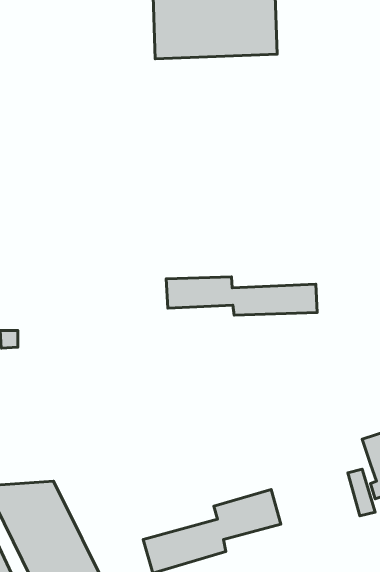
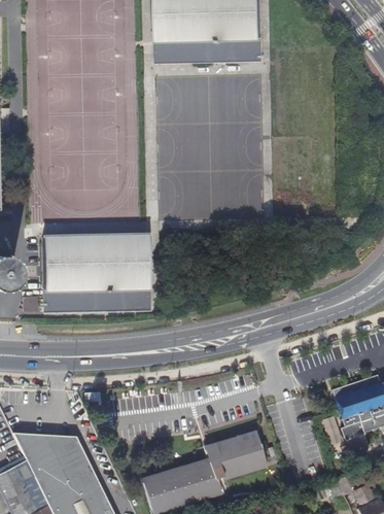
building: none -> [37,233,150,311]
building: [166,277,317,315] -> none

